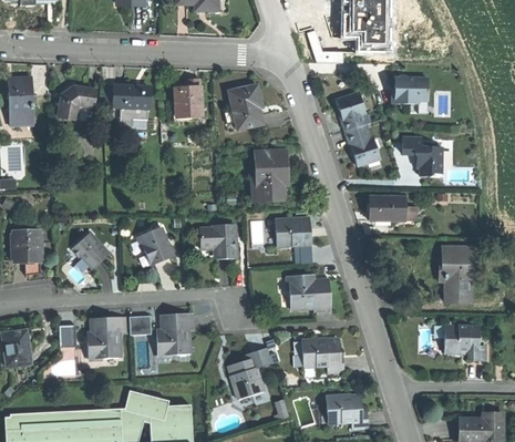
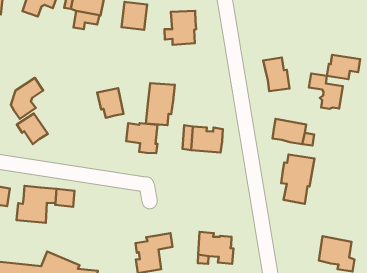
building: [392,78,428,103] -> [327,55,360,79]
building: [336,92,371,131] -> none
building: [256,151,286,201] -> [146,83,175,125]
building: none -> [11,78,43,119]
building: [138,227,173,264] -> [97,88,124,118]
building: [440,248,474,302] -> [281,154,315,204]
building: [289,275,331,311] -> none
building: [156,312,194,356] -> none

